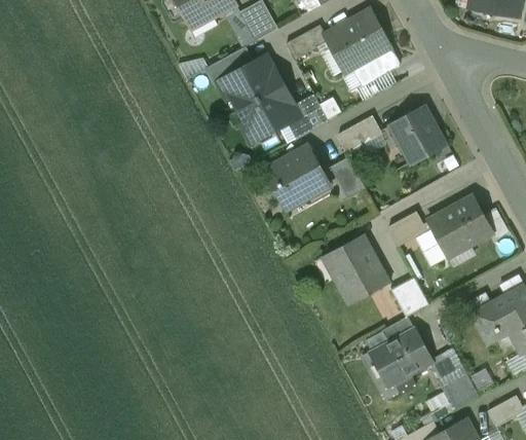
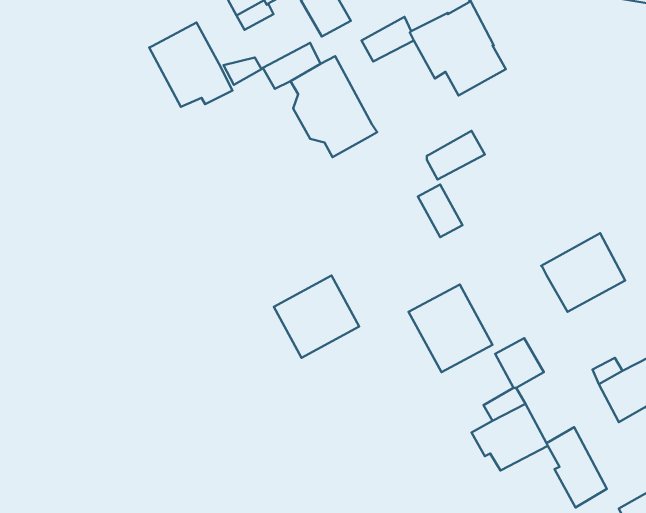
building: none -> [149,23,232,107]
building: [291,98,328,136] -> none
building: [389,106,445,164] -> none
building: [263,145,330,210] -> [274,275,359,358]
building: [387,211,430,247] -> none

